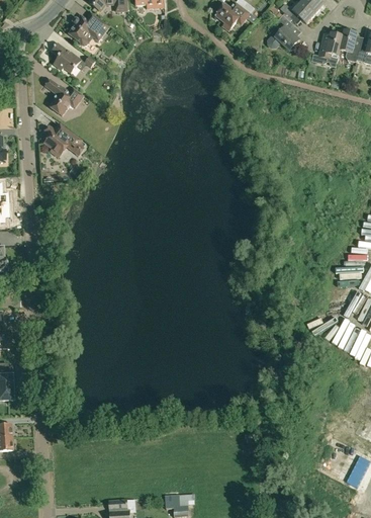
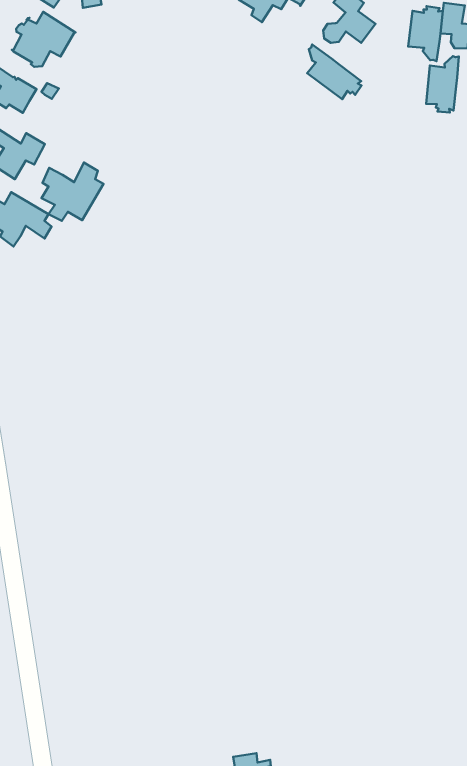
building: none -> [307,44,362,99]
building: none -> [426,56,459,113]
building: none -> [42,163,103,221]

